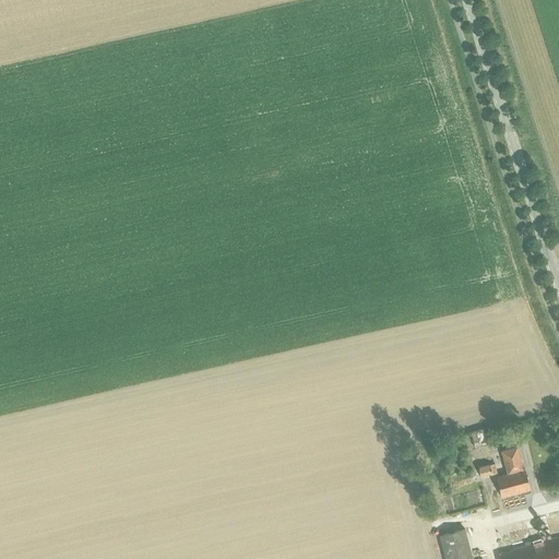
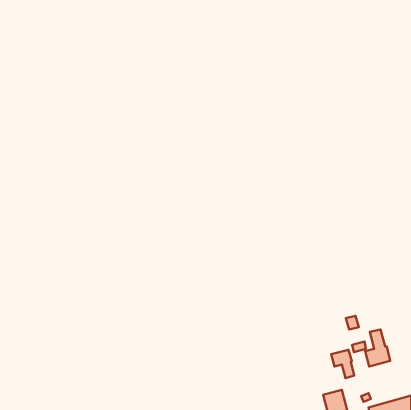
building: none -> [331,350,354,378]

